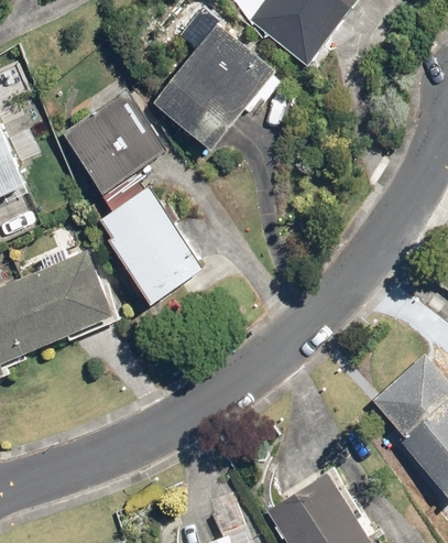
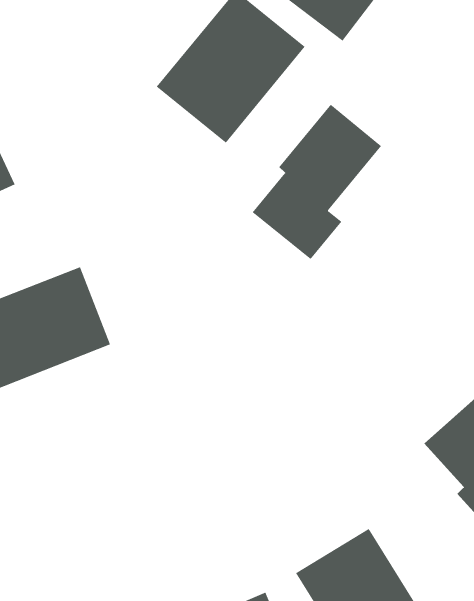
building: [64,89,170,196] -> none
building: none -> [252,104,382,260]
building: [98,185,205,306] -> none

